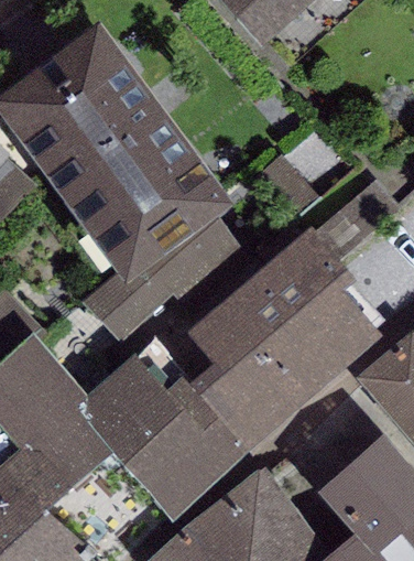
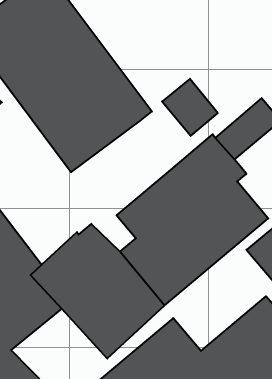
building: [81,211,255,339] -> none

